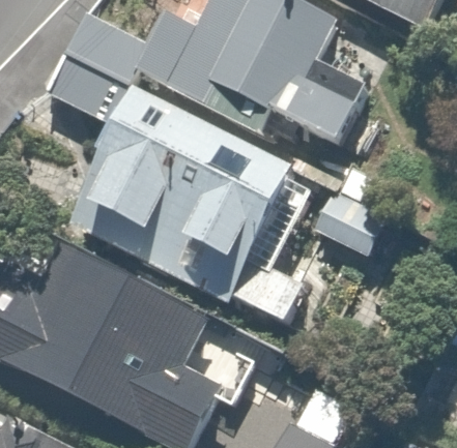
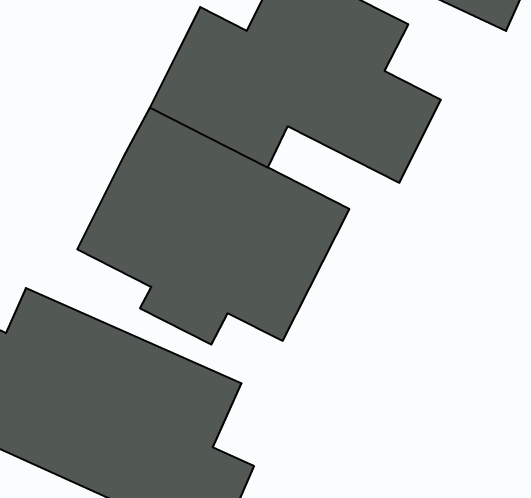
building: [39,8,154,130] -> none

